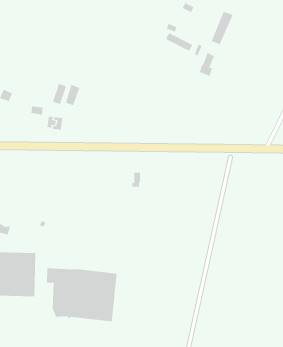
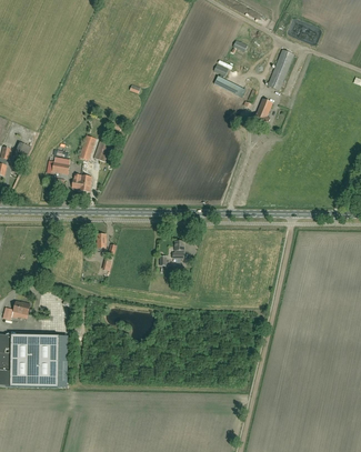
building: [47,268,117,322] -> none

